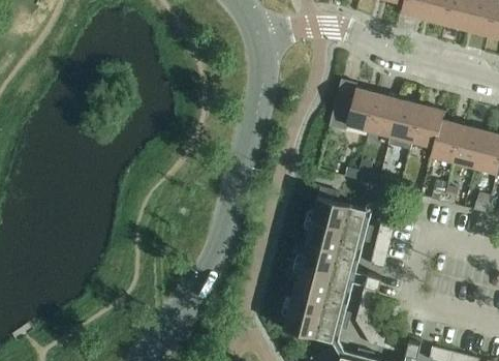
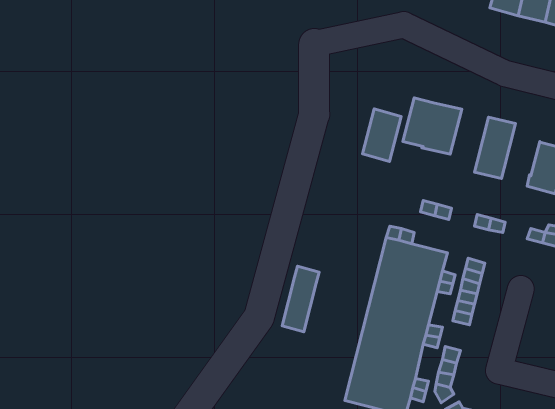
building: [369,94,400,137] -> [363,109,401,162]
building: [412,106,444,148] -> none
building: none -> [282,266,319,332]

